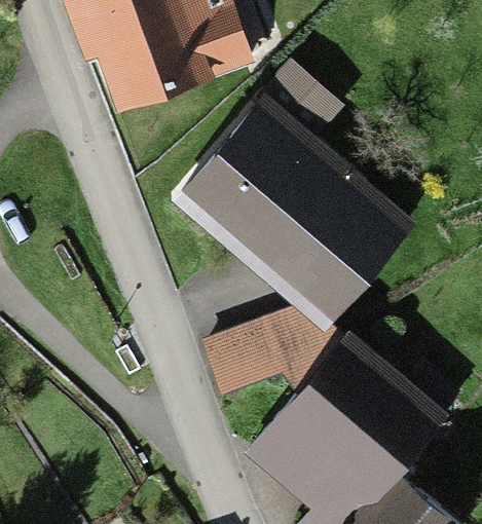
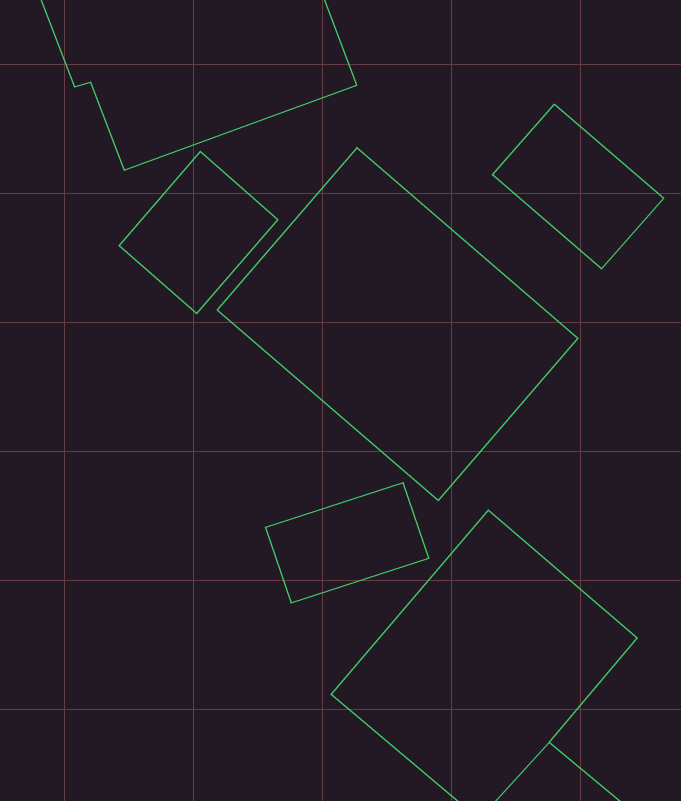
building: none -> [492,104,664,269]
building: none -> [119,151,278,314]

